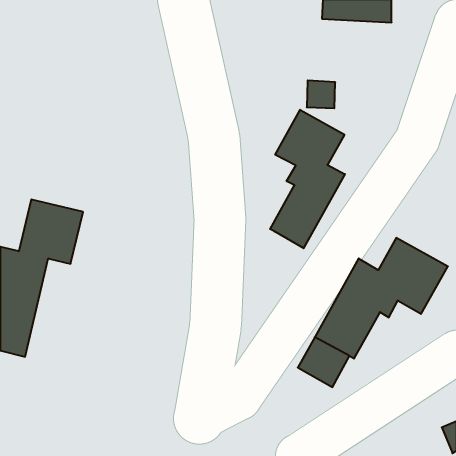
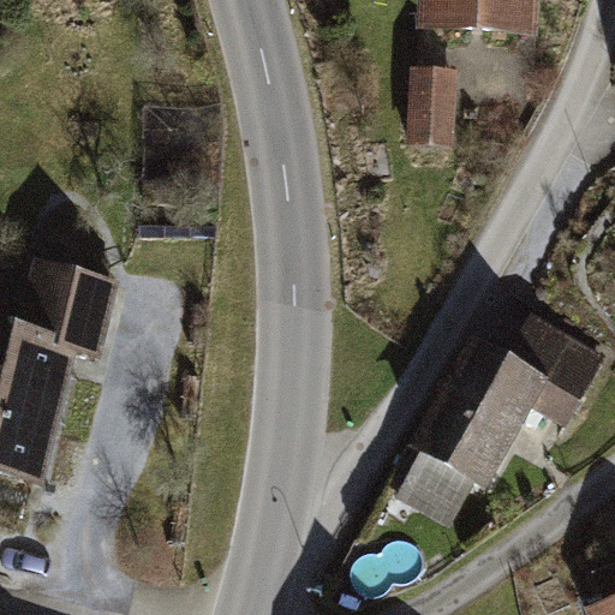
building: [270,110,345,248] -> none

